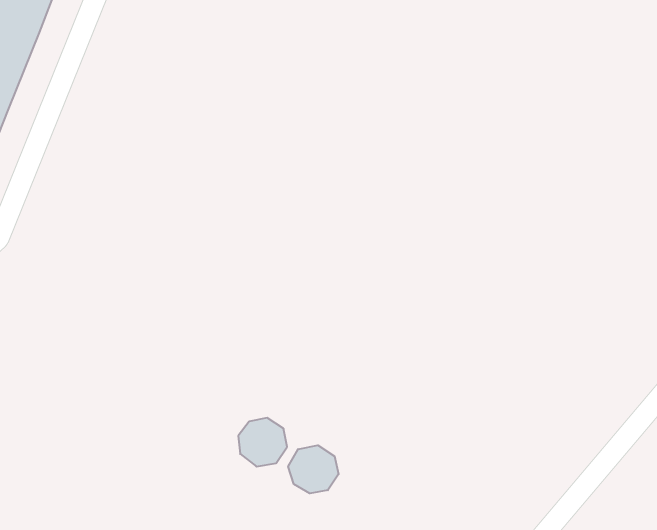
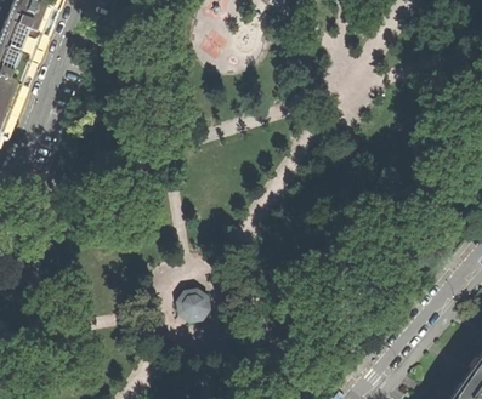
building: [288,445,339,493] -> none

